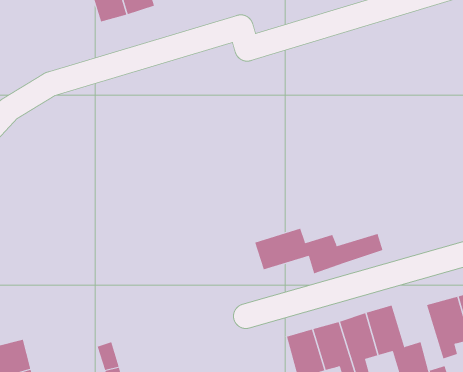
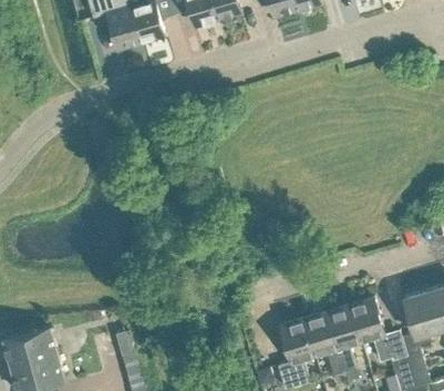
building: [255,228,383,274] -> none

